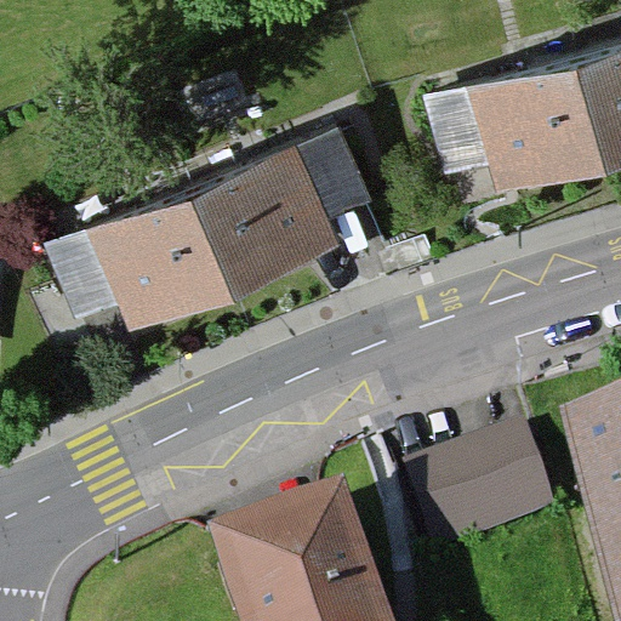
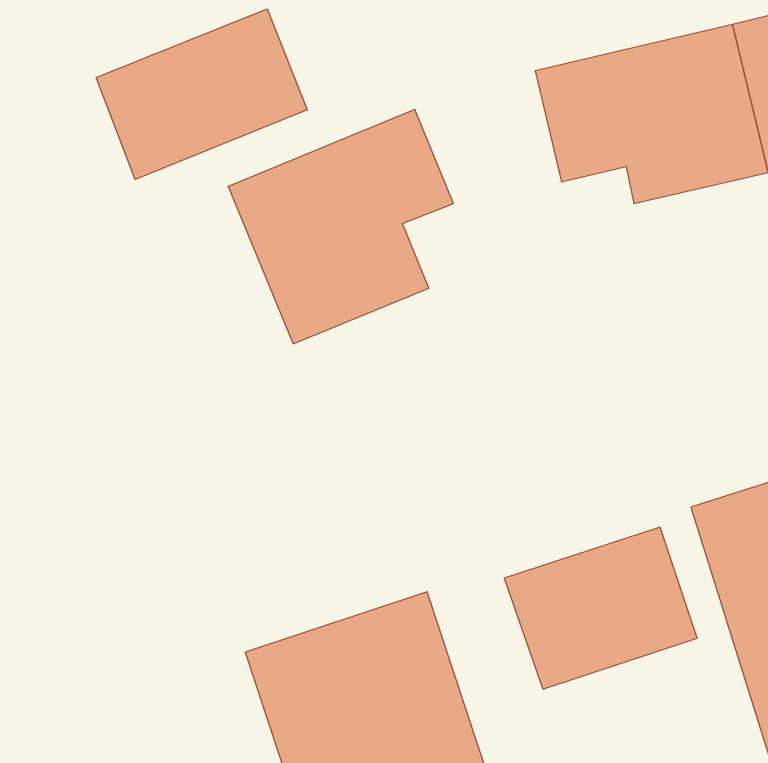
building: none -> [96,9,307,179]
building: [53,166,246,329] -> none

